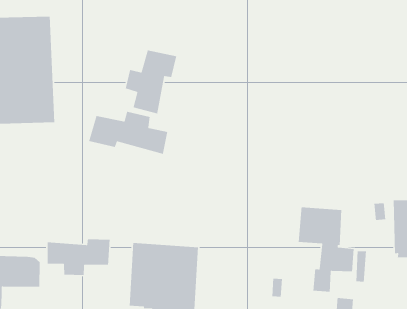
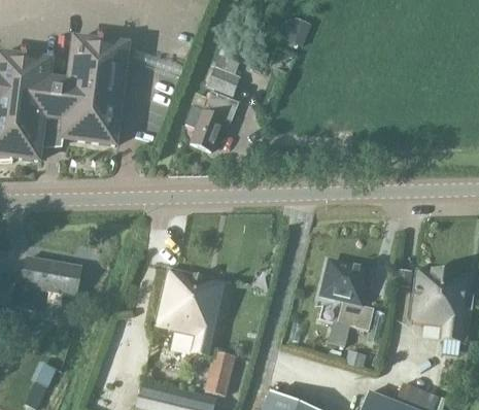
building: none -> [206,55,240,97]
building: [88,111,168,155] -> none
building: [47,238,110,276] -> none

